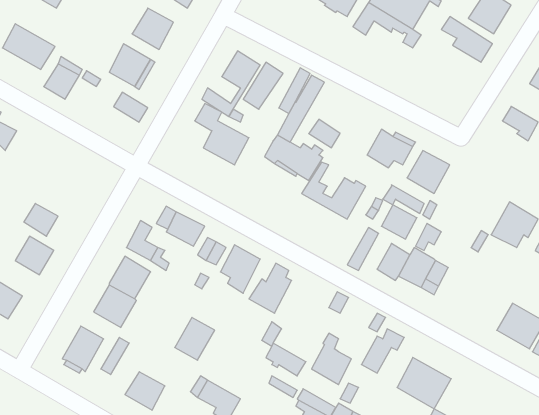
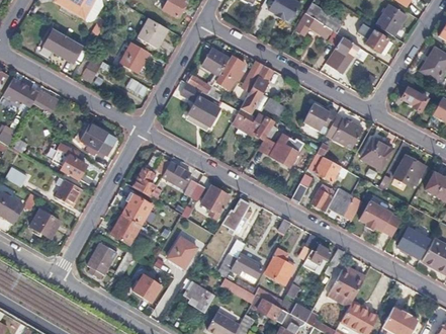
building: none -> [327,36,360,74]
building: none -> [78,123,115,156]
building: none -> [361,139,392,169]
building: none -> [360,200,402,236]

